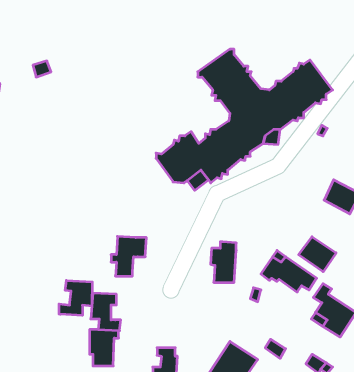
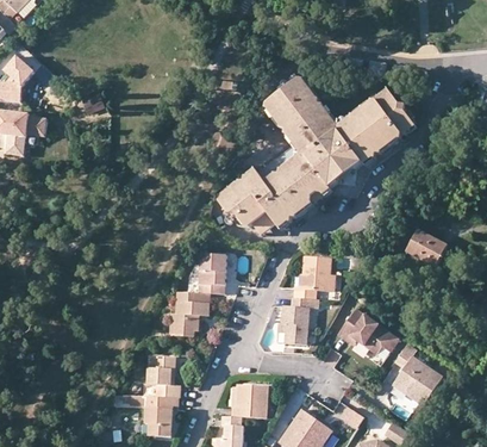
building: none -> [196,253,225,293]
building: none -> [293,254,331,298]
building: [299,237,336,272] -> none
building: [59,280,92,315] -> none
building: none -> [230,383,267,416]

